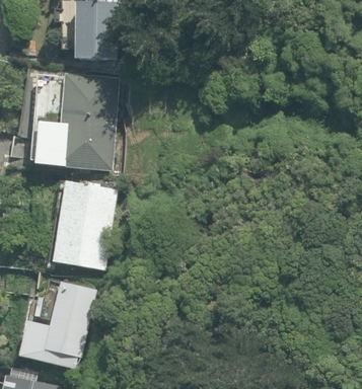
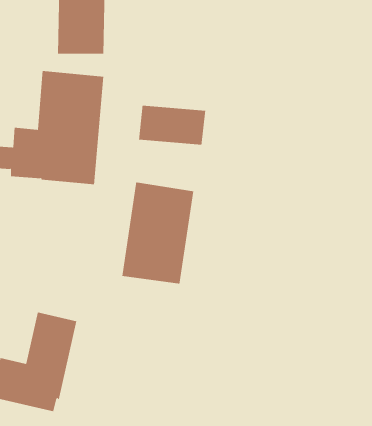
building: none -> [138,105,206,146]
building: [53,180,116,268] -> [121,182,194,284]

